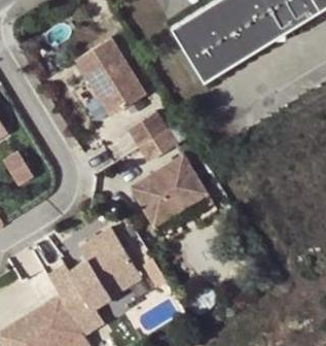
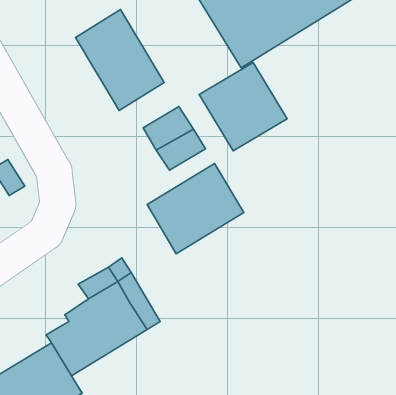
building: none -> [199,63,287,151]

